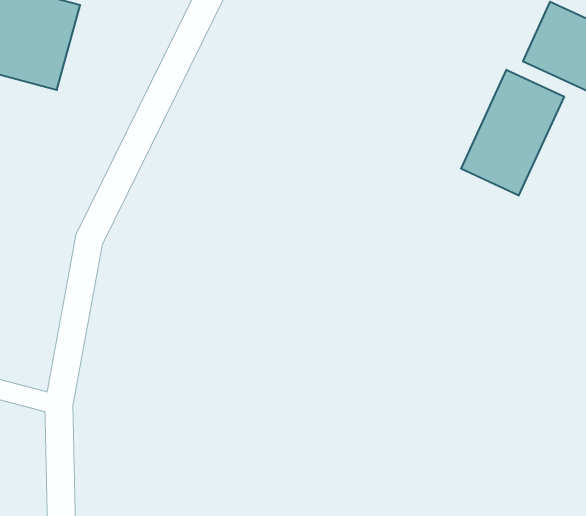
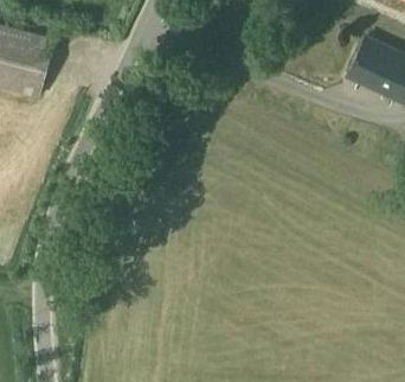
building: [461,70,564,196] -> none

